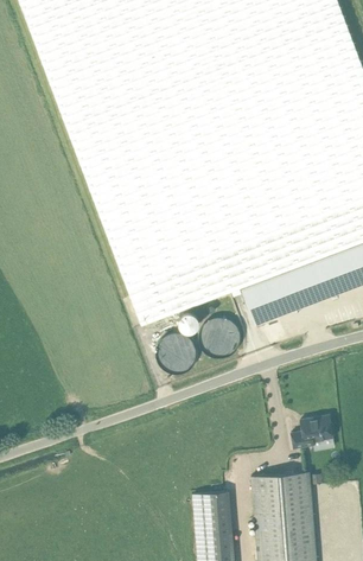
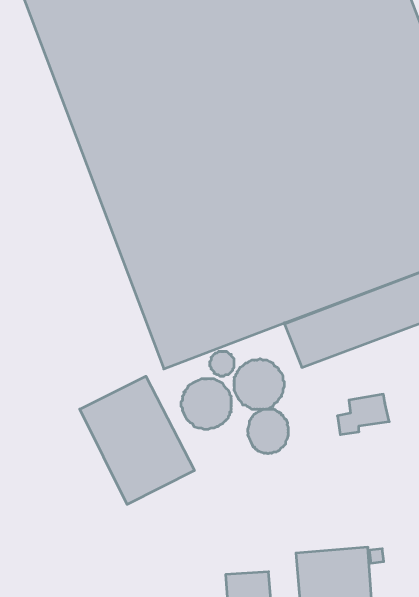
building: none -> [80,376,194,504]
building: none -> [248,409,288,454]
building: [291,414,333,447] -> [337,394,389,435]

